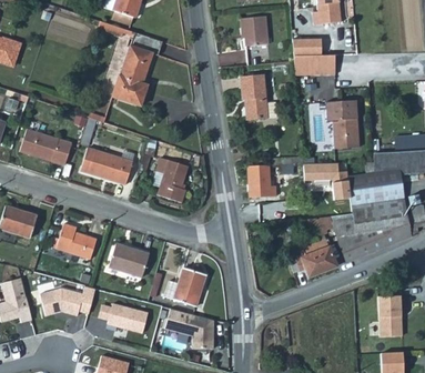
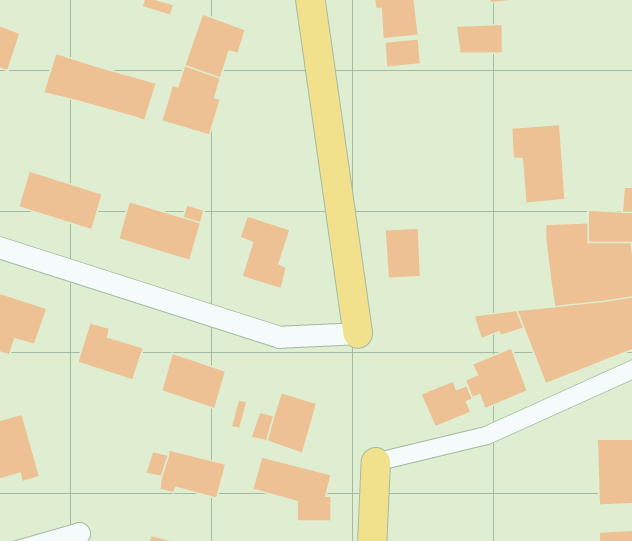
building: [294,54,335,74] -> none
building: none -> [43,53,156,121]
building: [240,74,277,119] -> none
building: [303,163,351,200] -> none
building: none -> [421,381,473,427]
building: [41,284,97,314] -> none

